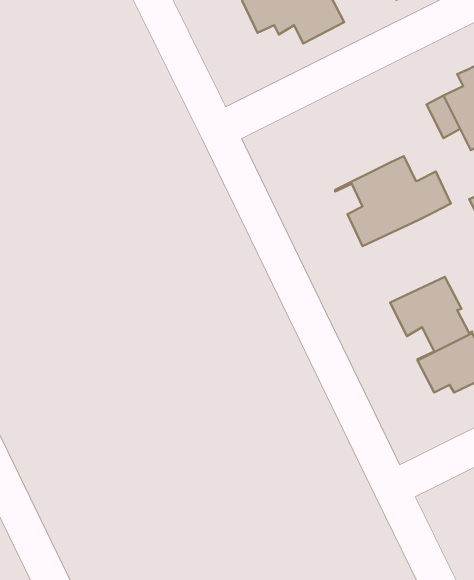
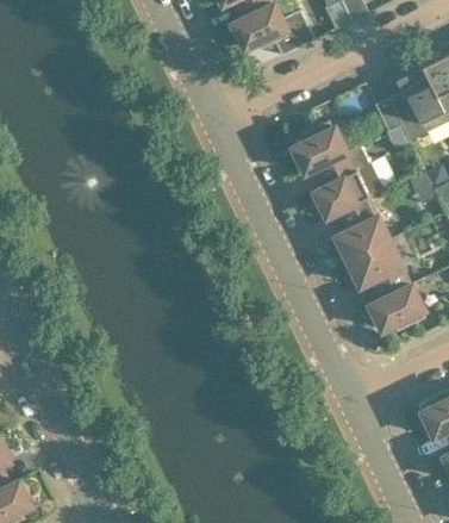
building: none -> [292,120,347,172]
building: none -> [325,195,389,260]

